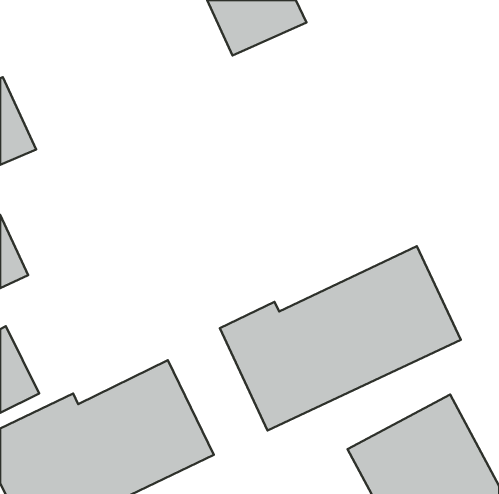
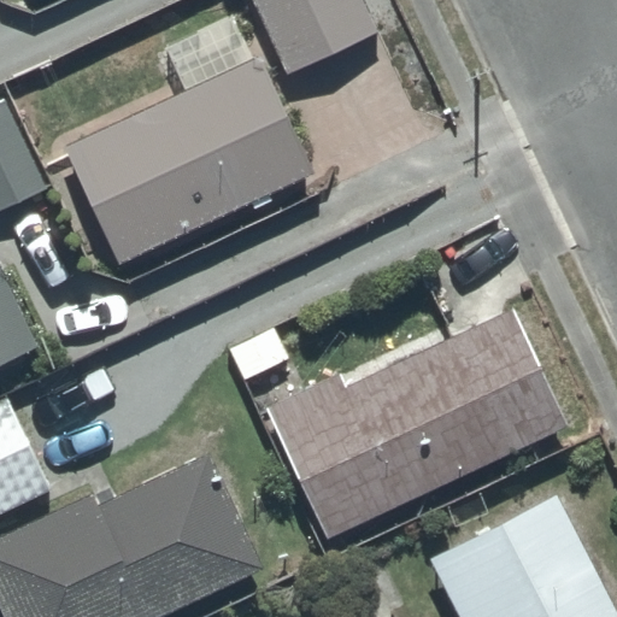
building: none -> [61,55,312,265]

